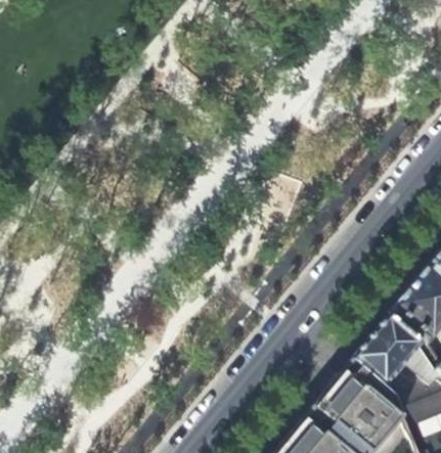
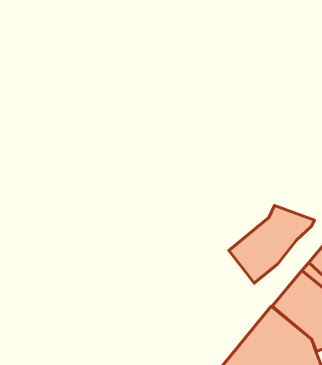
building: none -> [229,206,315,283]

